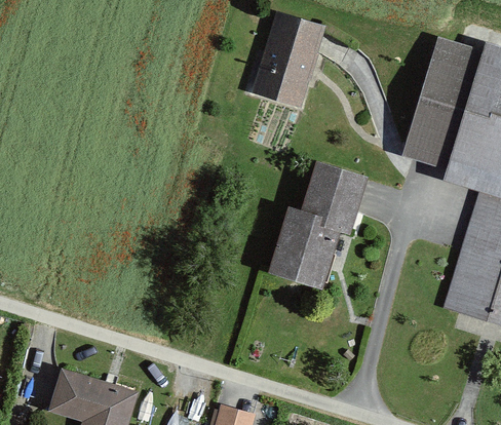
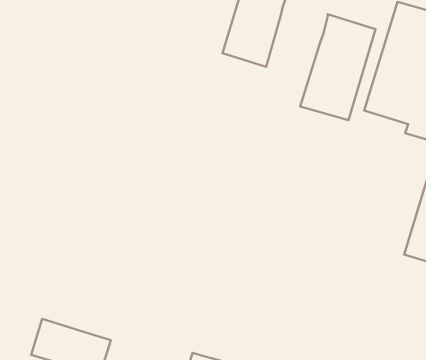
building: none -> [300,14,375,120]
building: [268,161,367,289] -> none

